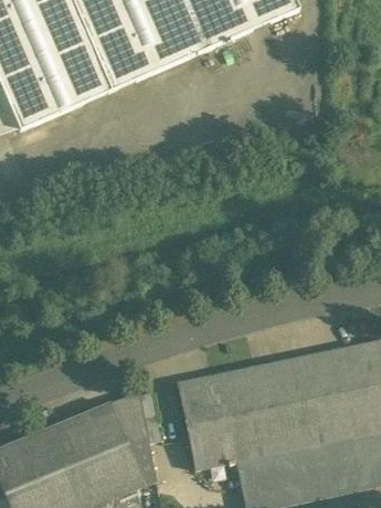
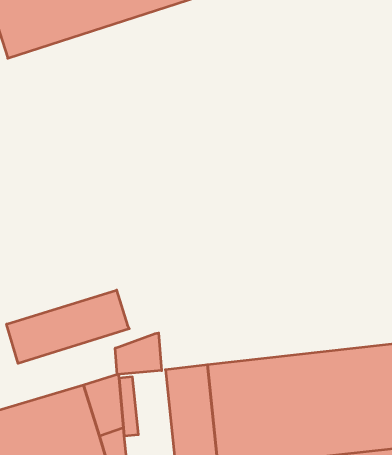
building: none -> [7,290,129,363]
building: none -> [115,333,162,374]

